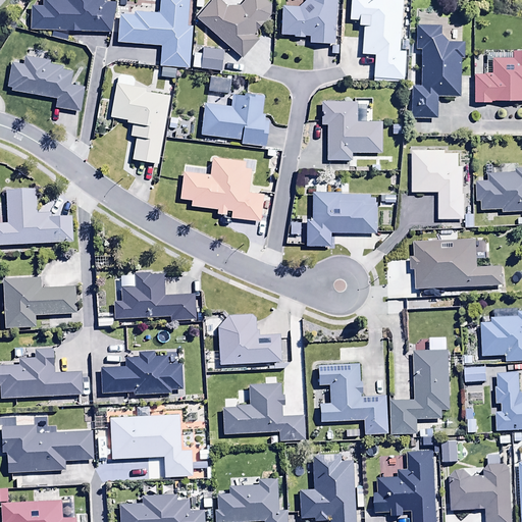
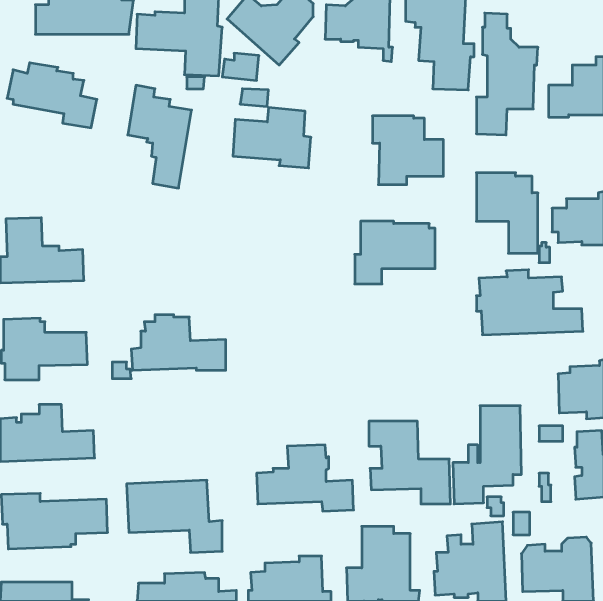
building: [180,156,263,220] -> none
building: [218,314,281,364] -> none
building: [101,351,184,394] -> none

